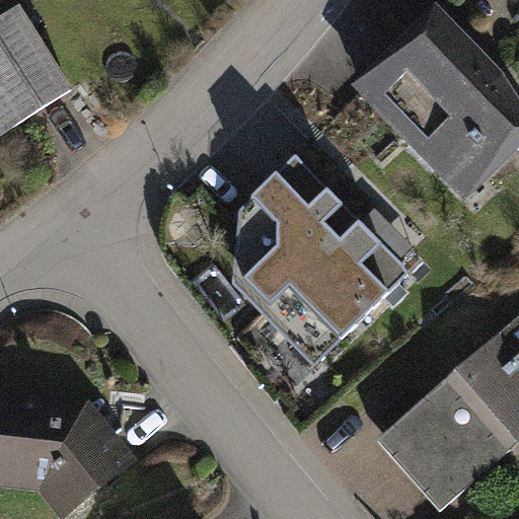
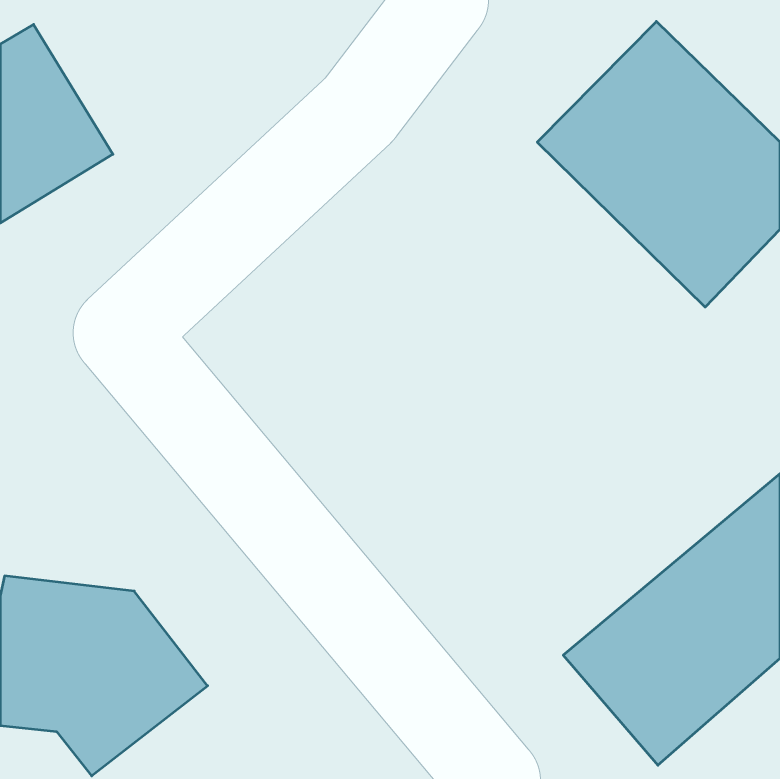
building: [235,153,411,364] -> none

